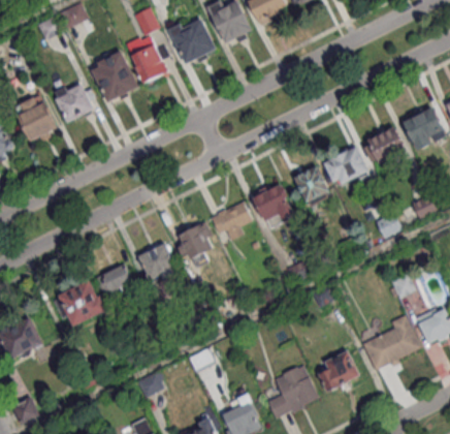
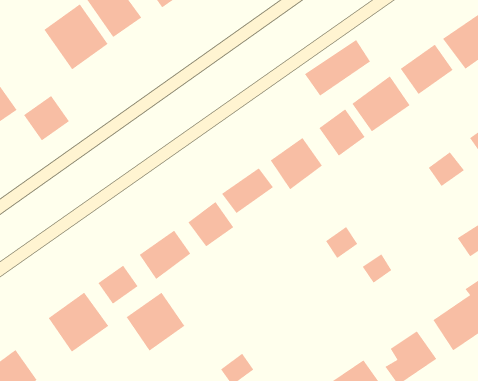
building: [55,86,91,121] -> [23,95,70,141]
building: none -> [304,39,371,97]
building: none -> [126,292,185,351]

